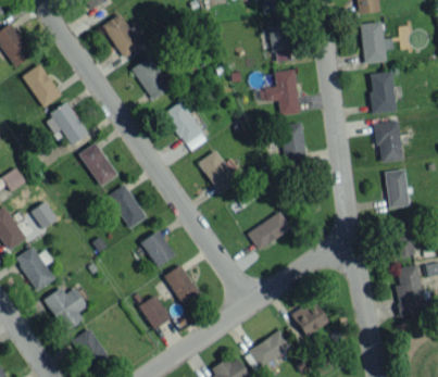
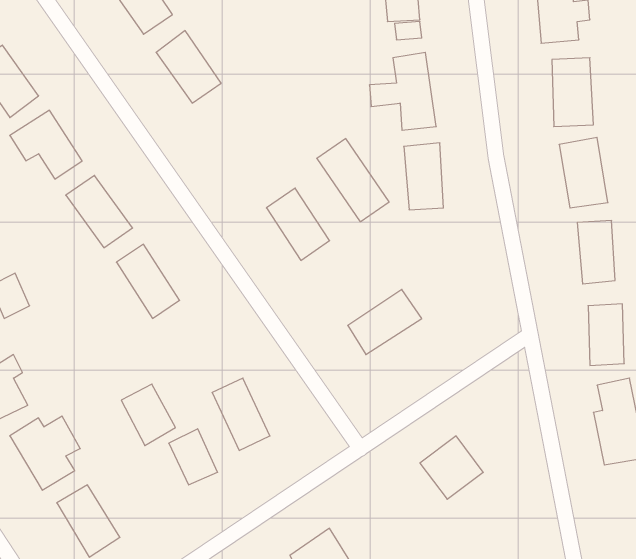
building: [164,101,208,151] -> [317,139,389,222]
building: [142,230,175,267] -> [121,384,175,446]
building: [250,329,292,367] -> none

